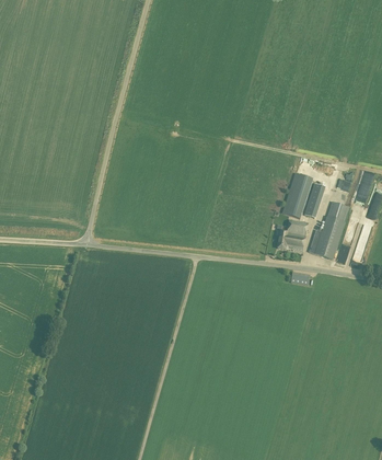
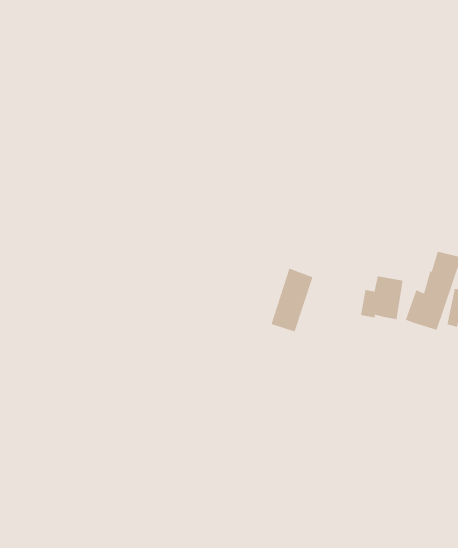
building: [282,173,313,219] -> [270,268,314,332]

